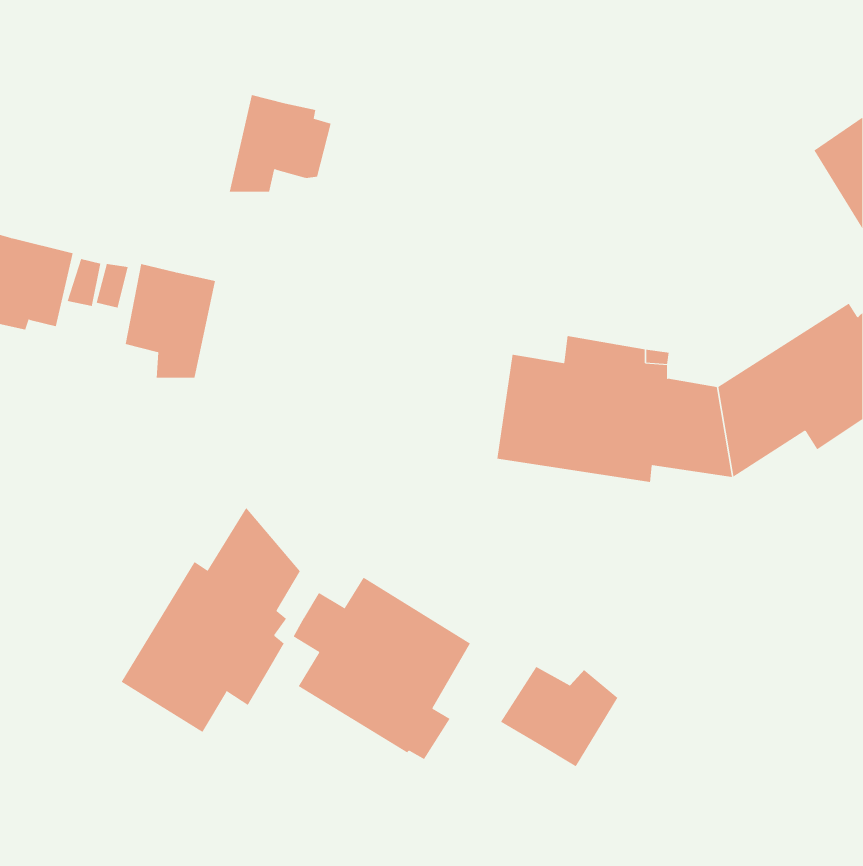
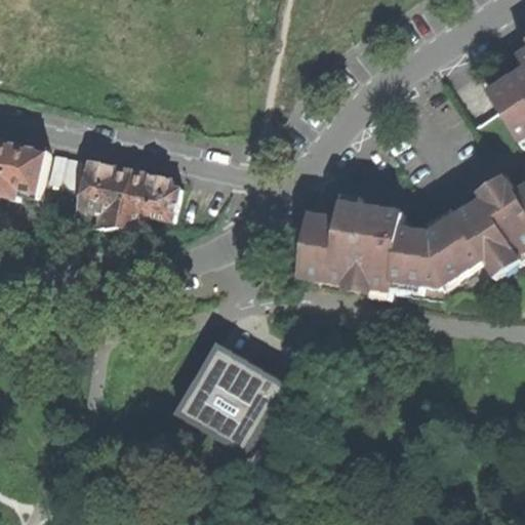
building: [229,95,331,192] -> [117,168,178,227]
building: [121,507,300,733] -> none
building: [500,666,618,767] -> none

